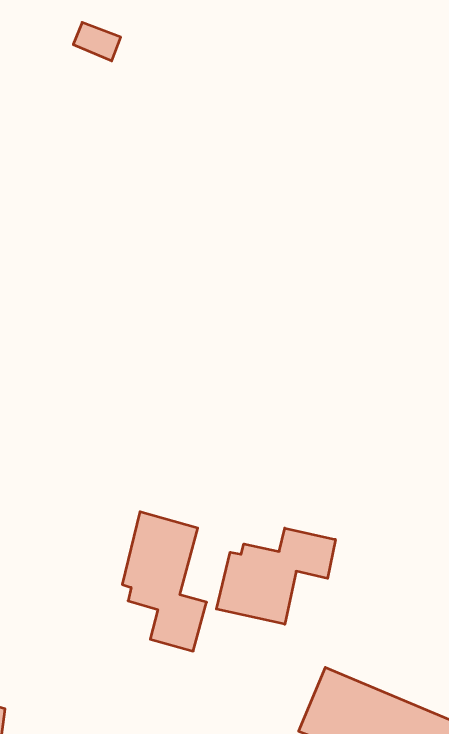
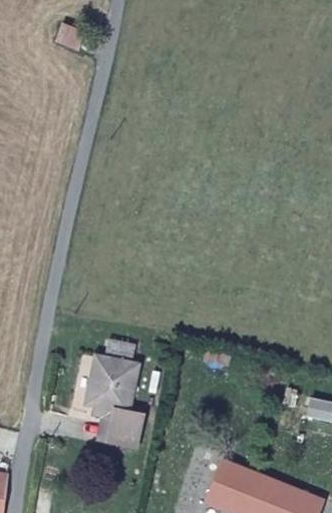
building: [216,528,335,624] -> none

